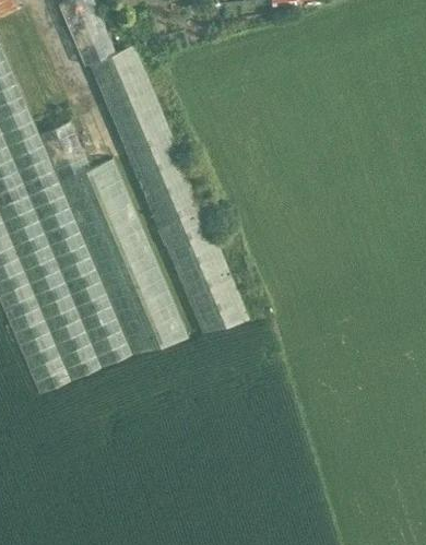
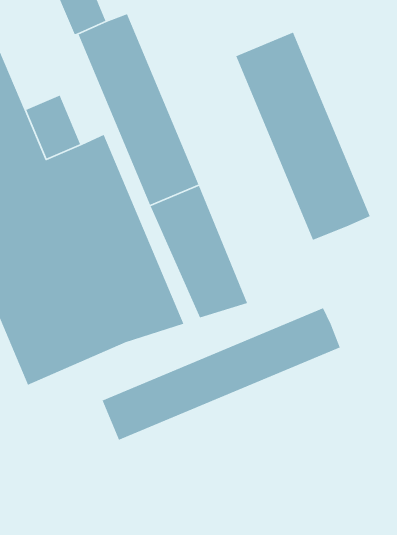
building: none -> [235,32,371,241]
building: none -> [101,307,341,441]

